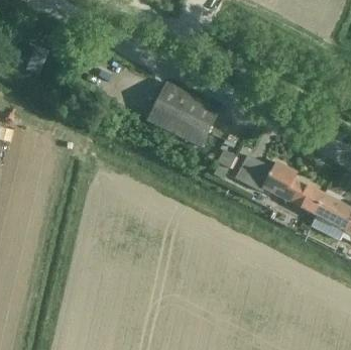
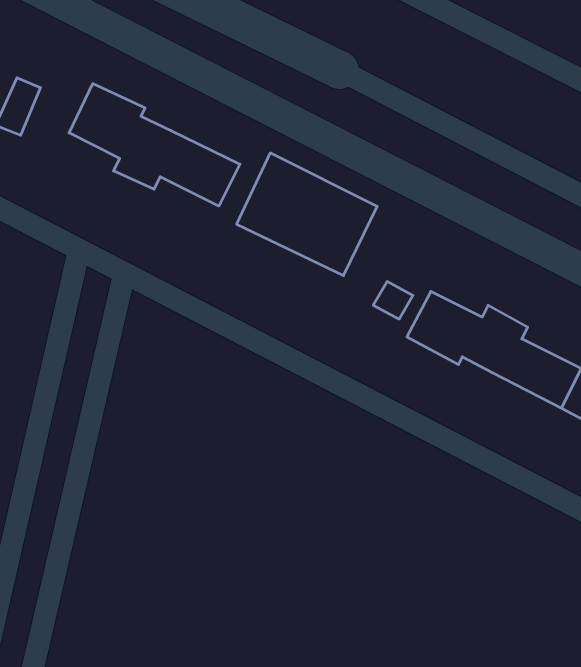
building: none -> [69,84,240,206]

